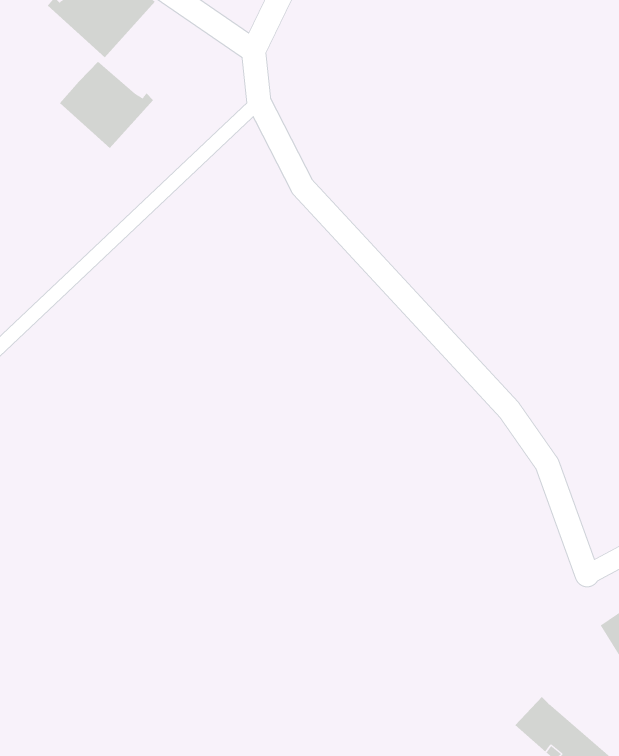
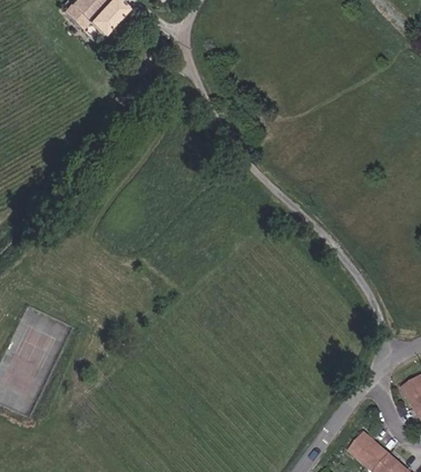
building: [59,61,154,149] -> none

